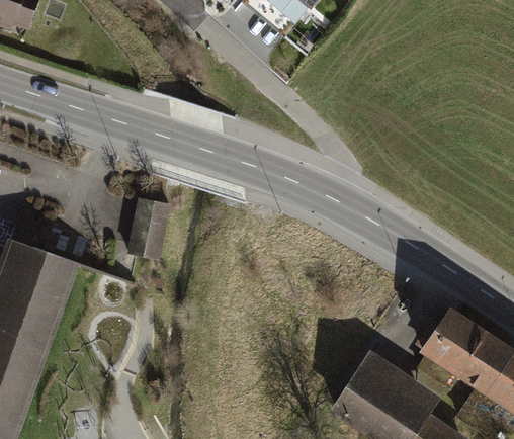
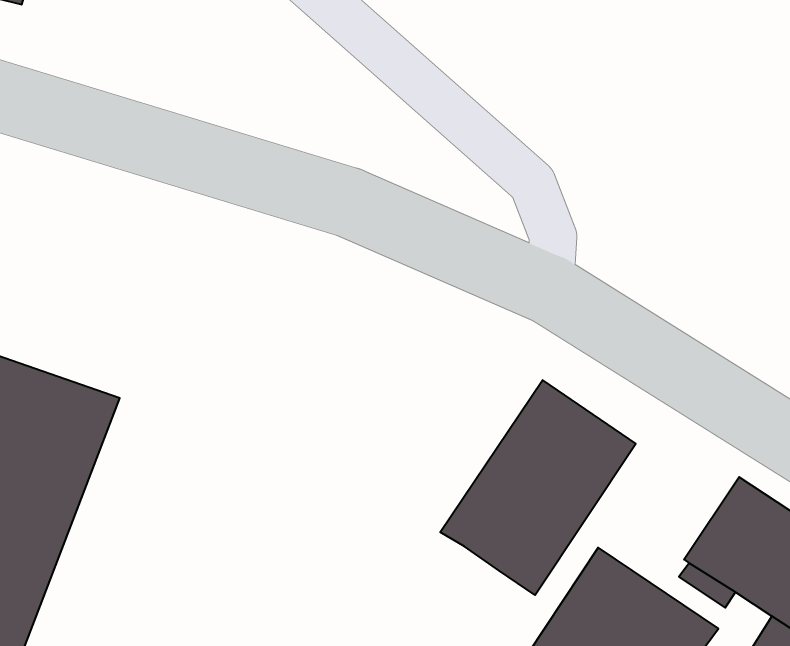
building: [127,196,172,259] -> none
building: none -> [440,380,636,595]

